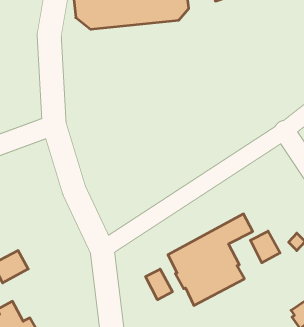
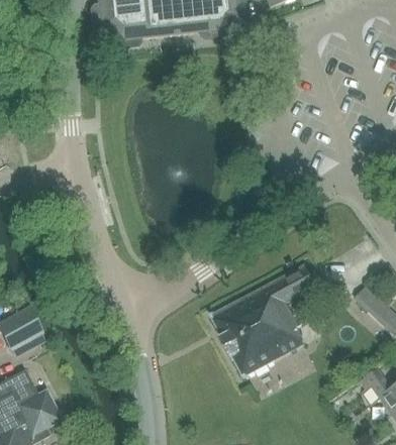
building: [250,231,280,263] -> none
building: [146,269,172,300] -> none

